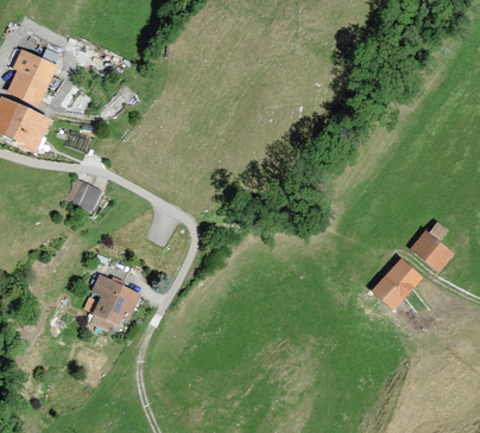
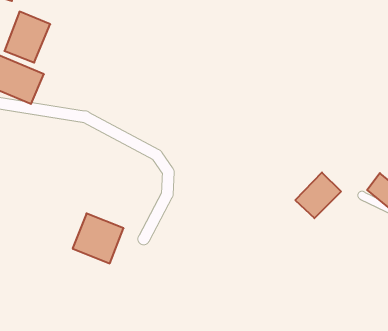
building: [69,178,103,211] -> none
building: [370,259,421,310] -> [295,172,341,218]

